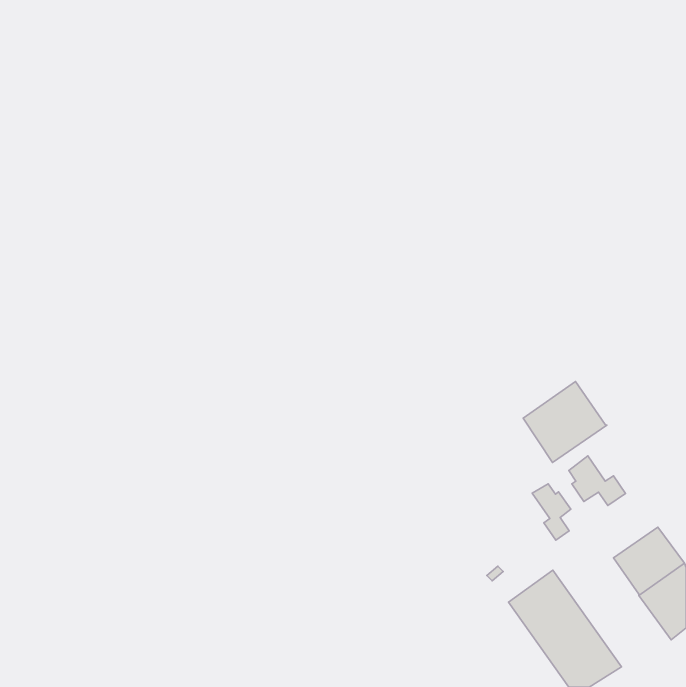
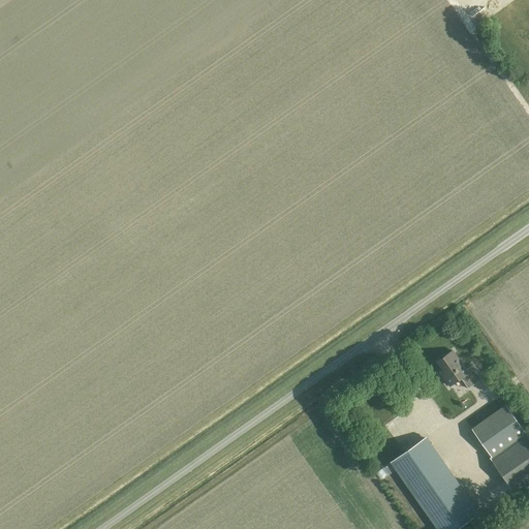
building: [523,382,607,463] -> none
building: [532,484,571,540] -> none

